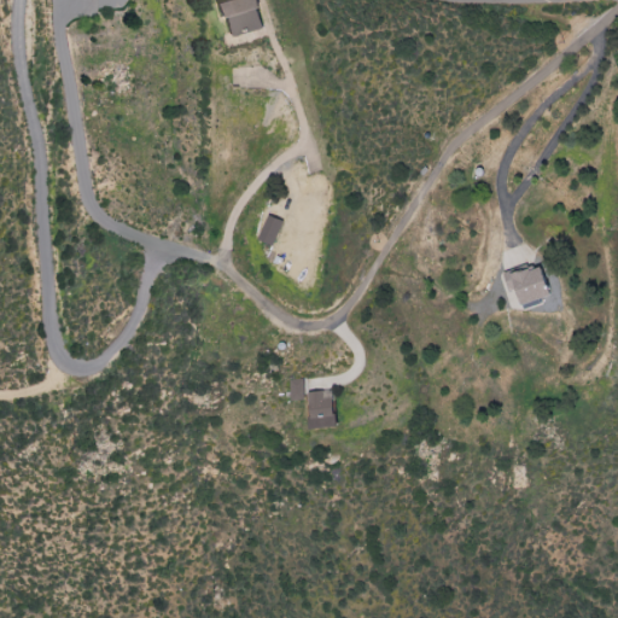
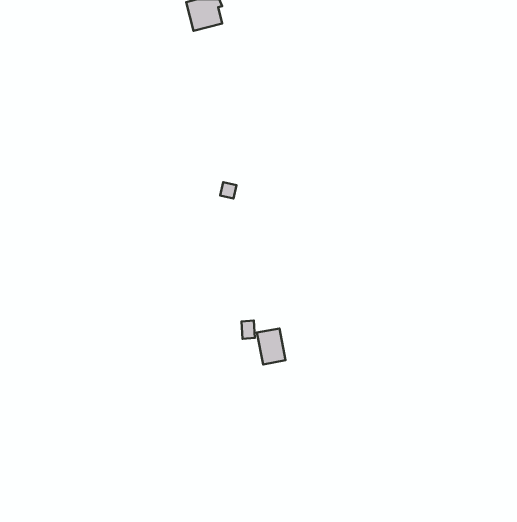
building: [500,260,555,307] -> none

